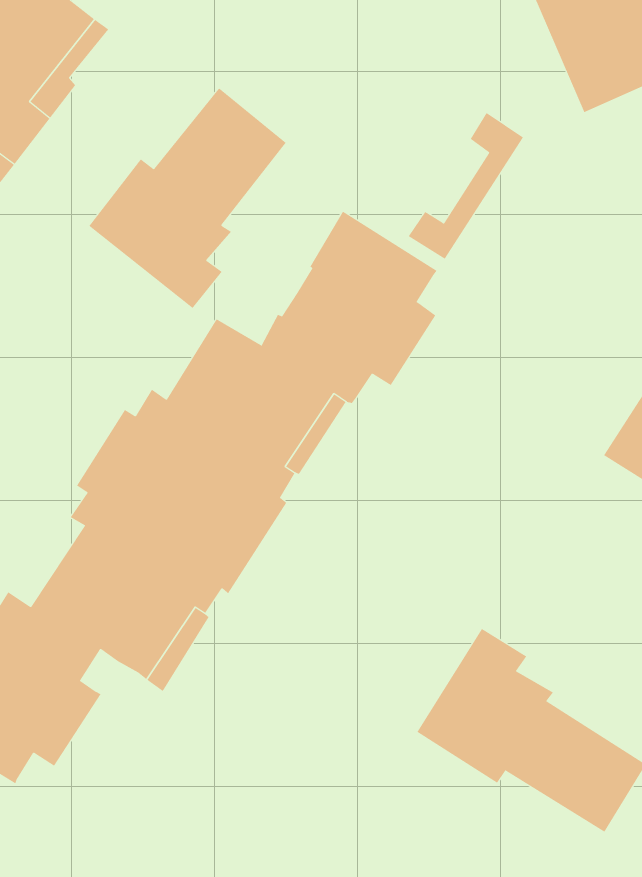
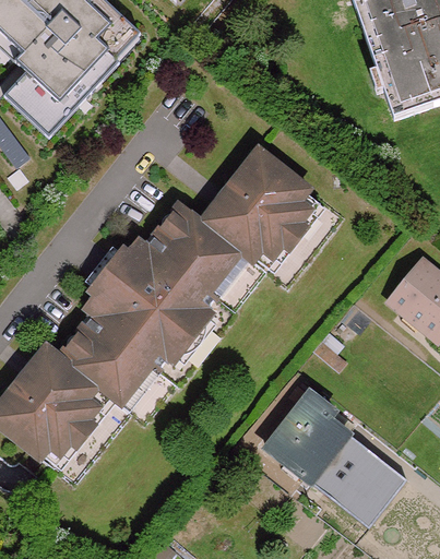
building: [88,88,286,309] -> none
building: [408,112,524,260] -> [252,189,323,270]
building: none -> [39,381,114,465]

